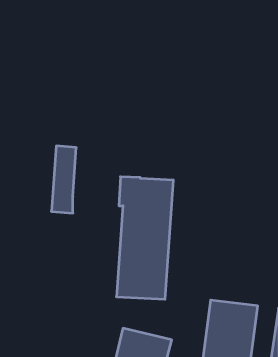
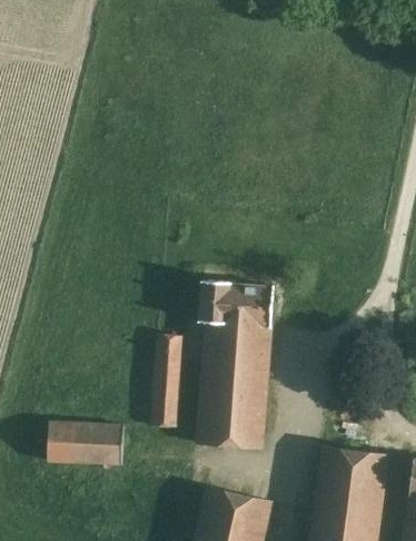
building: [51,146,76,213] -> [151,336,185,426]
building: none -> [48,423,122,468]

